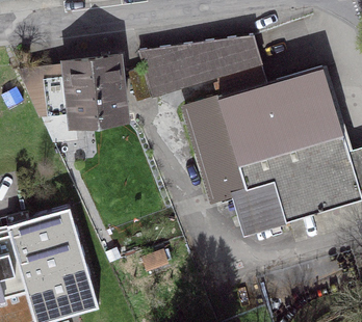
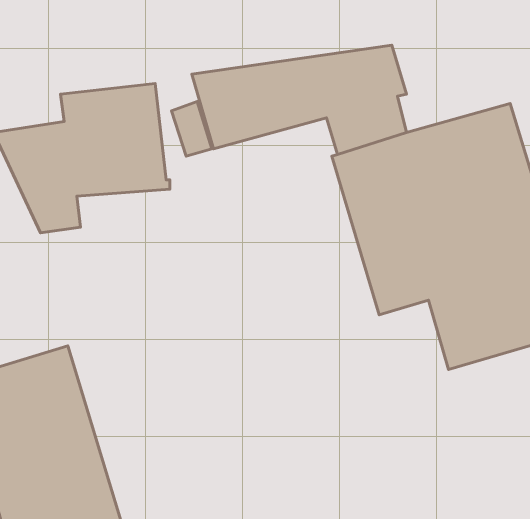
building: [184,99,286,233] -> none

